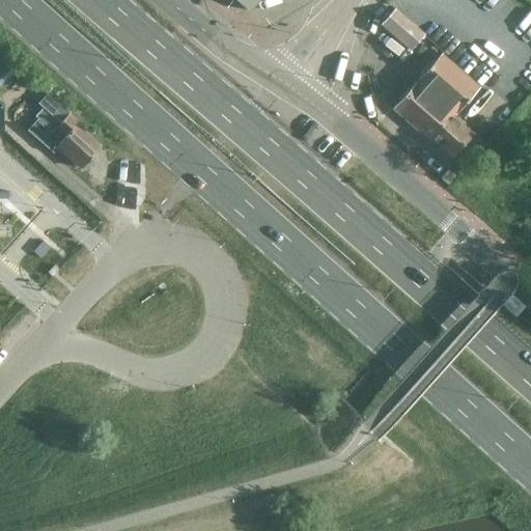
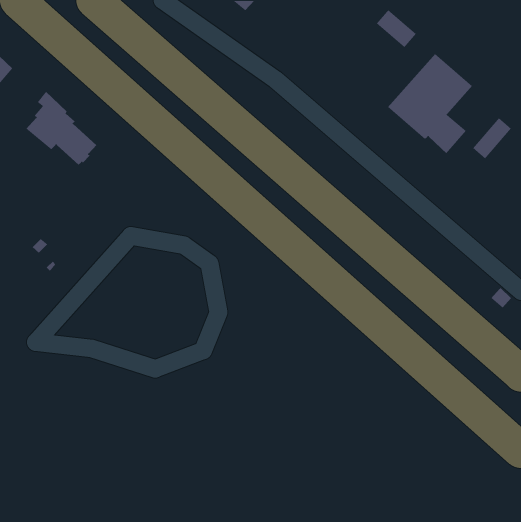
building: none -> [472,117,512,160]

